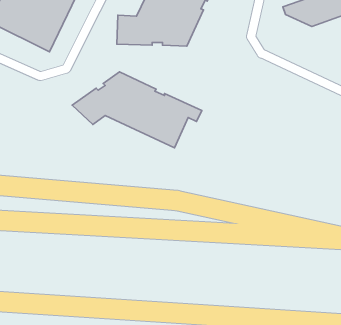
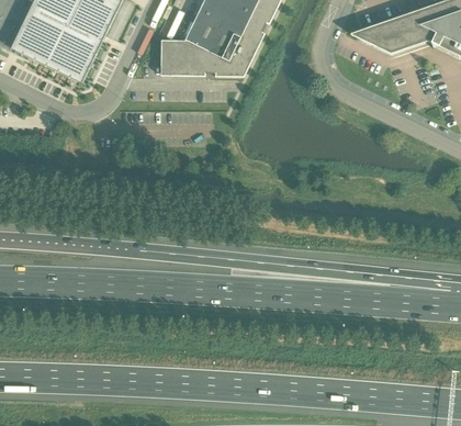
building: [72,72,202,148] -> none

